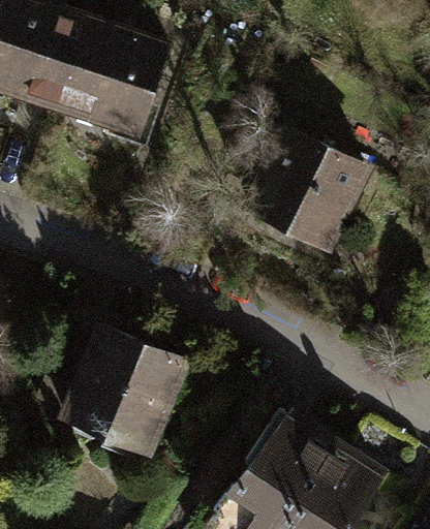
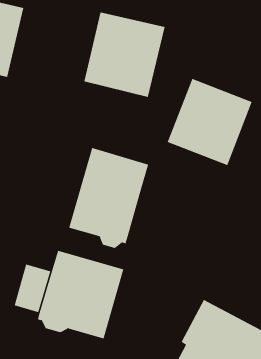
building: [62,26,173,141] -> [84,12,165,97]
building: none -> [68,147,149,249]

